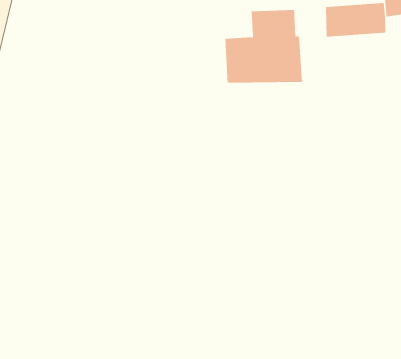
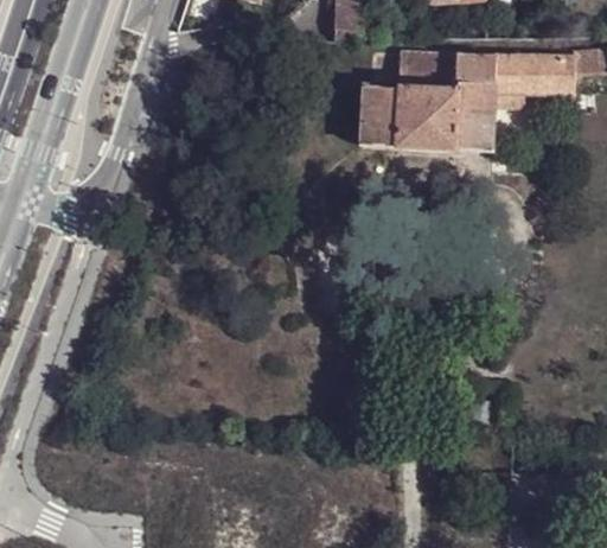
building: none -> [454,55,494,151]

